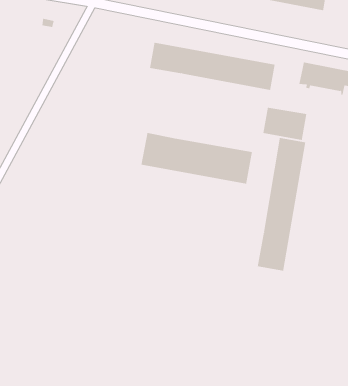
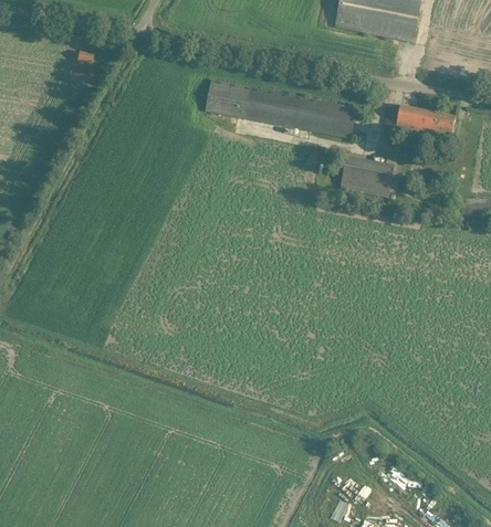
building: [141,132,252,184] -> none
building: [257,137,306,271] -> none

